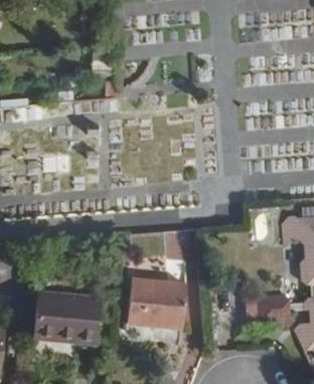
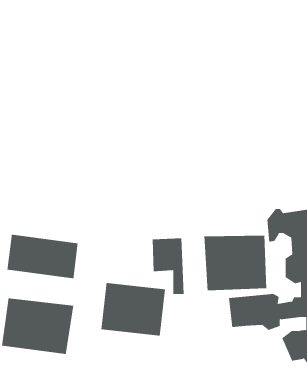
building: none -> [7,234,78,279]
building: none -> [204,235,267,291]

